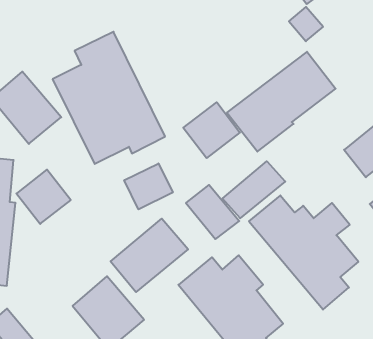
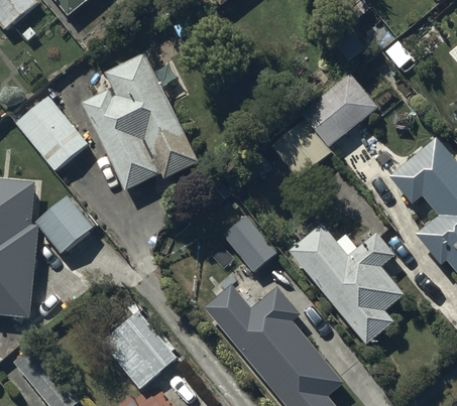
building: [183,102,240,158] -> none
building: [223,161,285,218] -> none
building: [124,163,173,209] -> none
building: [111,219,188,292] -> none

